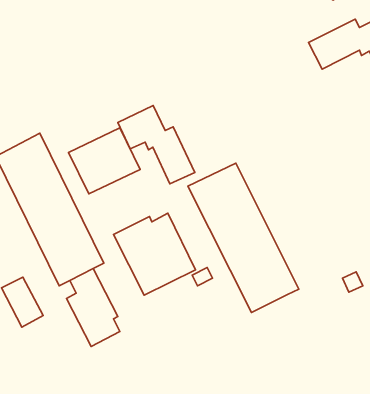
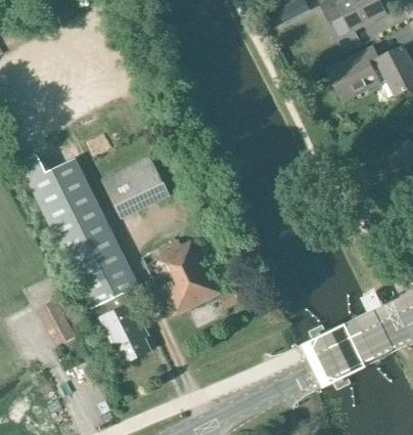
building: [118,106,195,184] -> none
building: [188,163,299,312] -> none

